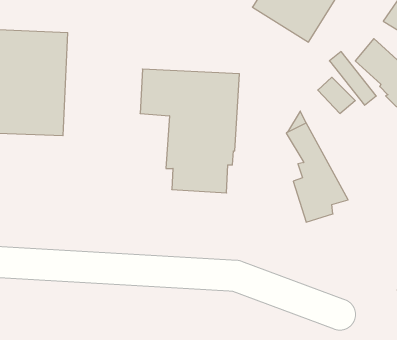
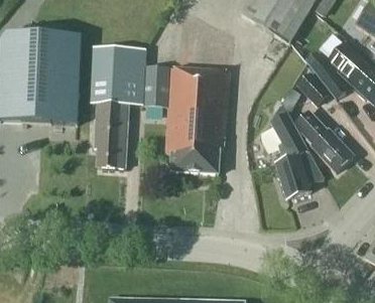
building: none -> [90,45,145,168]
building: none -> [293,109,353,171]

